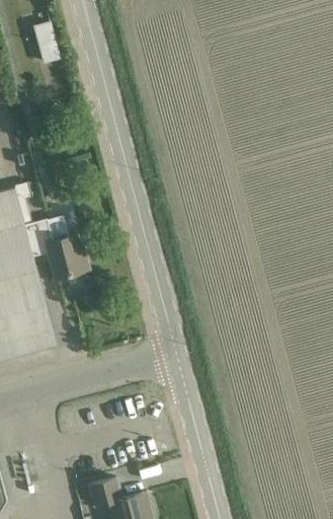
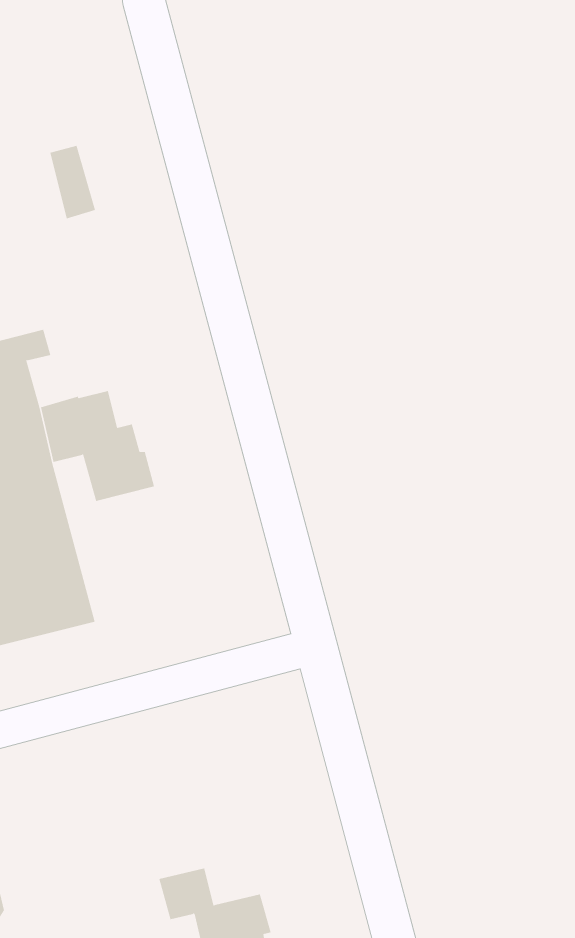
building: [33,24,59,65] -> [50,145,96,219]

